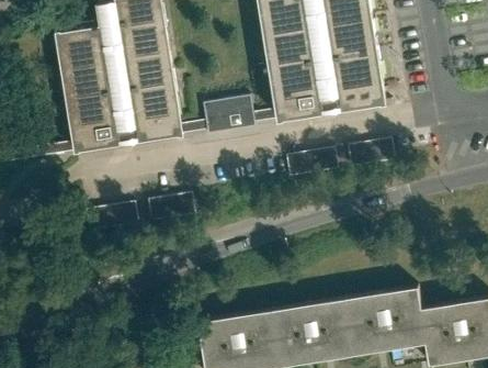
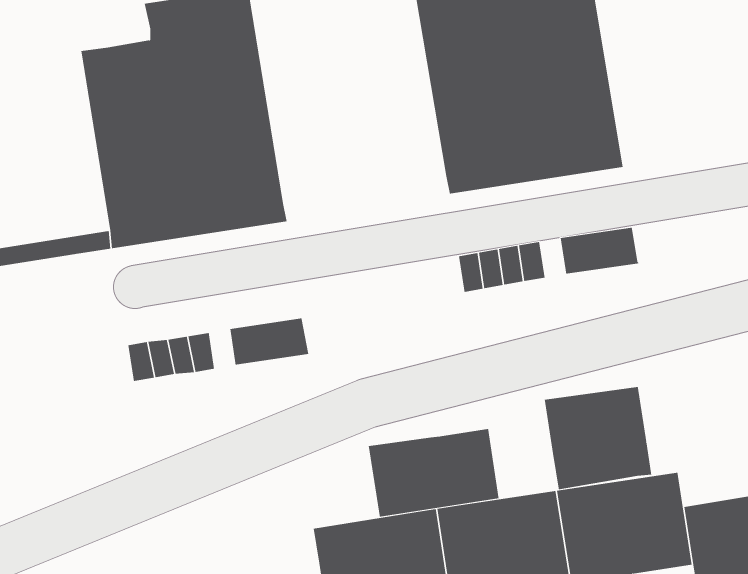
building: [179,96,279,136] -> none
building: none -> [544,386,652,490]
building: none -> [368,428,499,517]

